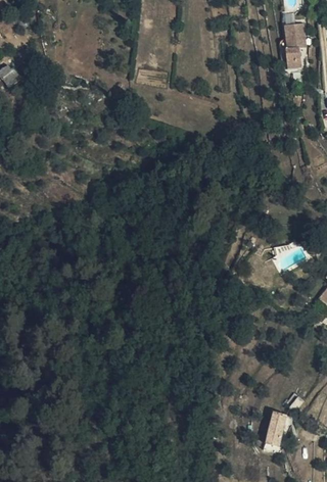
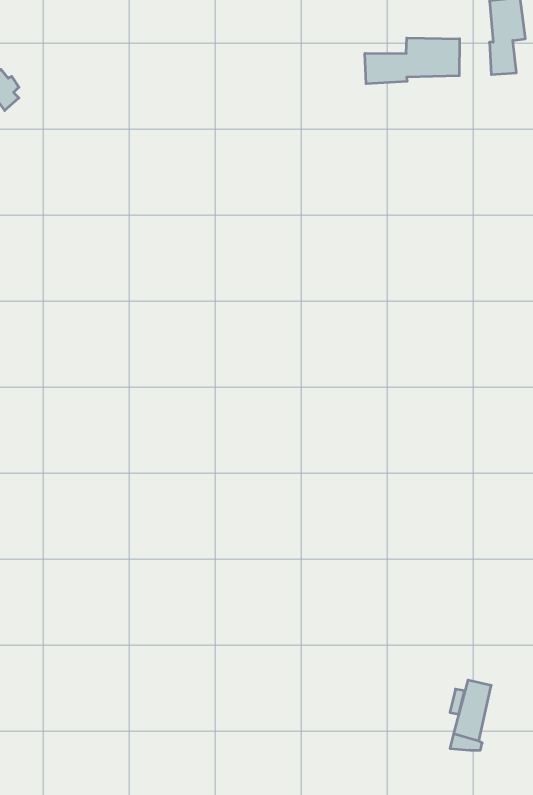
building: none -> [365,38,460,84]

